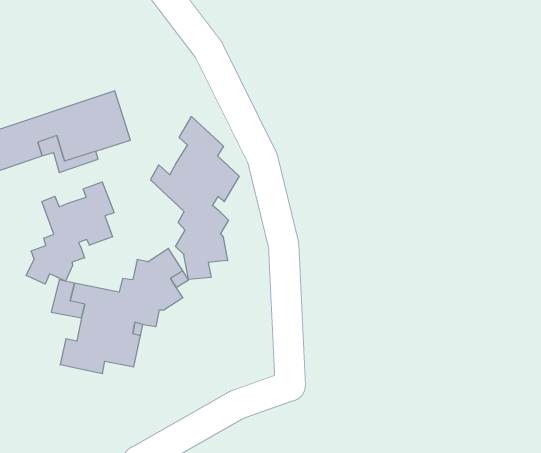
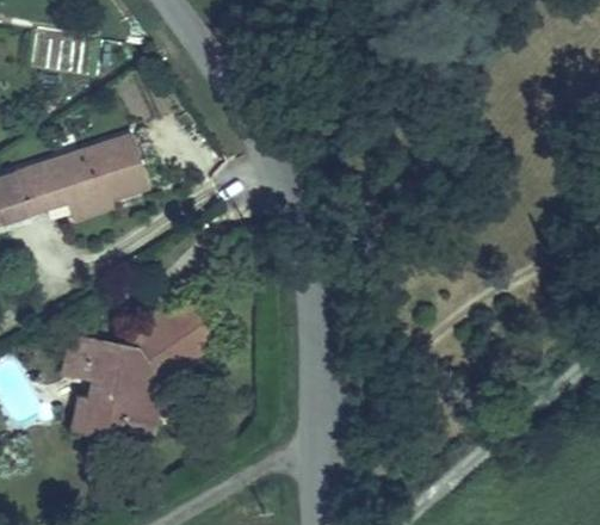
building: [151,117,239,279] -> none
building: [26,182,114,284] -> none

